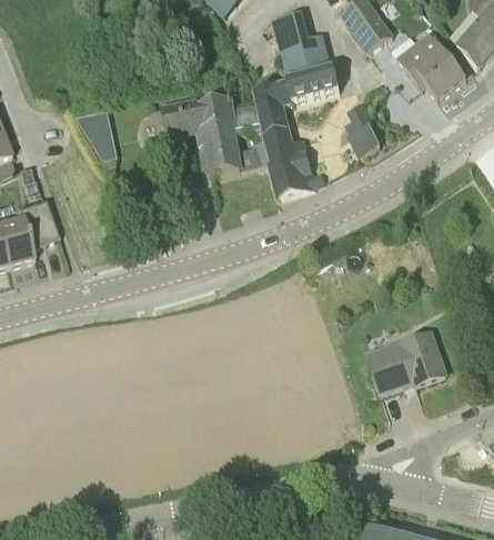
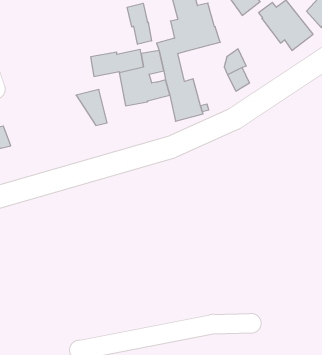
building: none -> [127,3,152,44]
building: [74,108,117,156] -> [76,90,107,125]
building: [366,330,444,389] -> none

